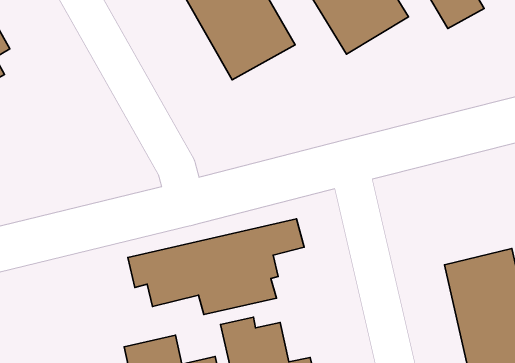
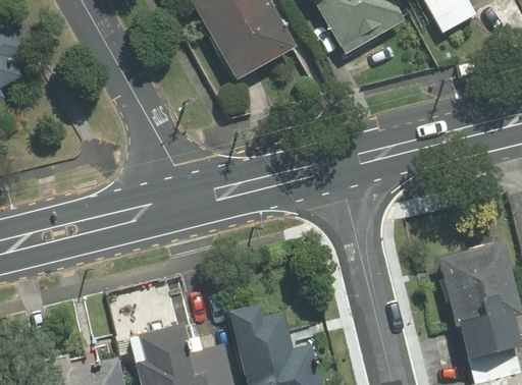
building: [128,219,304,314] -> none

